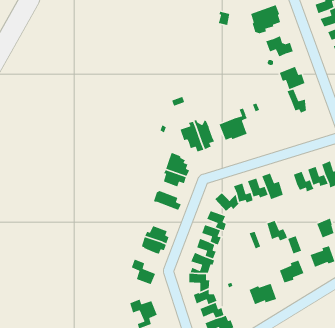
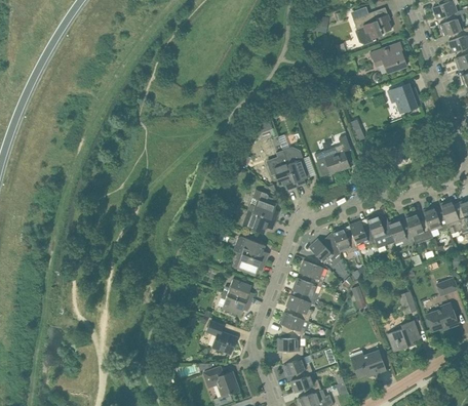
building: [286,88,307,114] -> none
building: none -> [236,251,265,275]
building: [266,220,288,242] -> [388,218,415,245]

